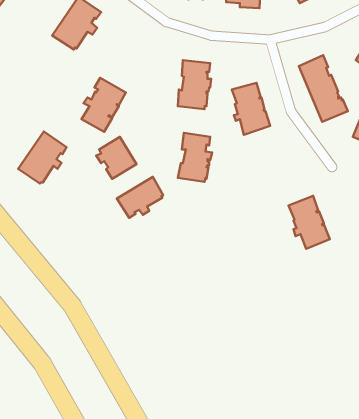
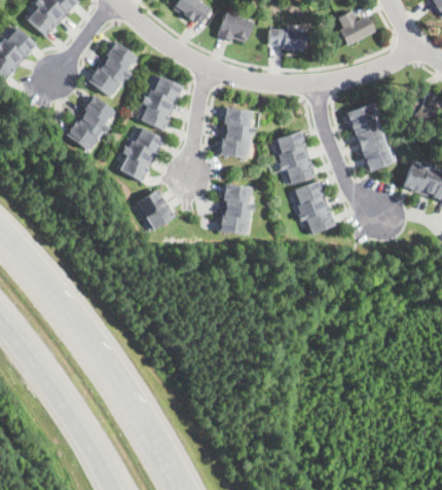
building: none -> [140,75,183,131]
building: [18,132,66,184] -> [66,95,116,149]
building: [117,177,163,218] -> none
building: [289,196,330,249] -> [293,179,336,234]

